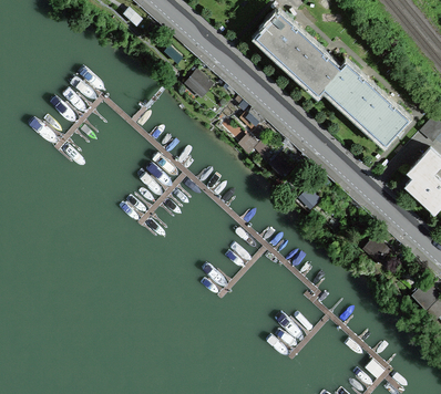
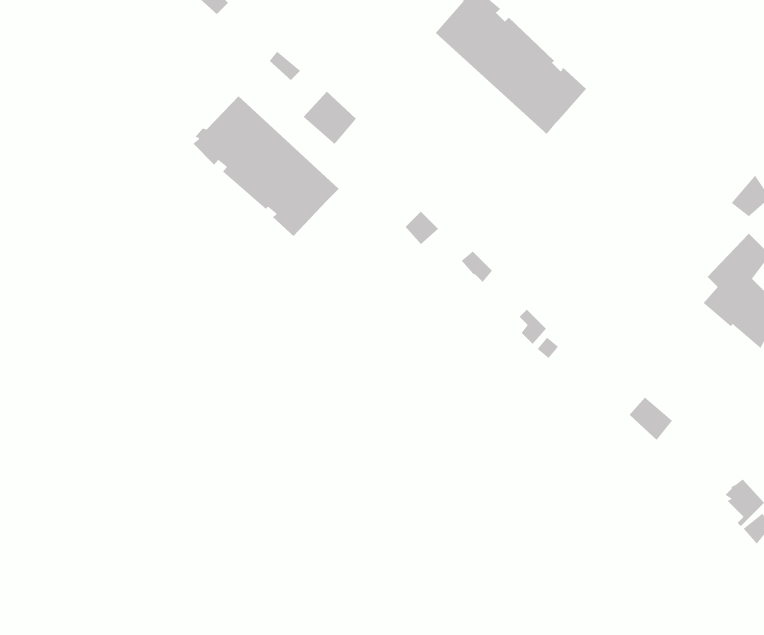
building: [324,63,408,144] -> none
building: none -> [192,95,340,237]

